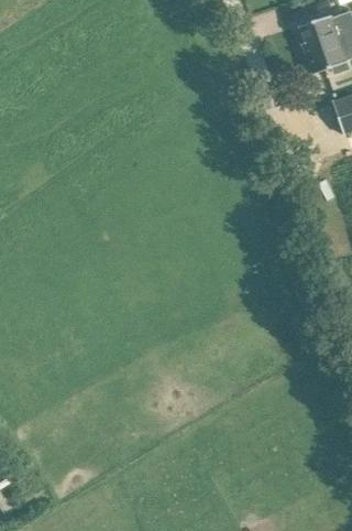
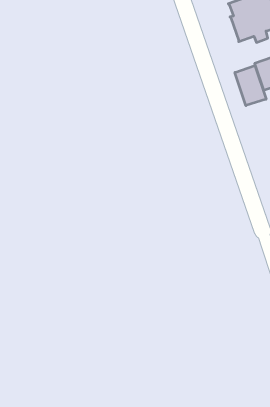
building: none -> [235,66,266,106]

